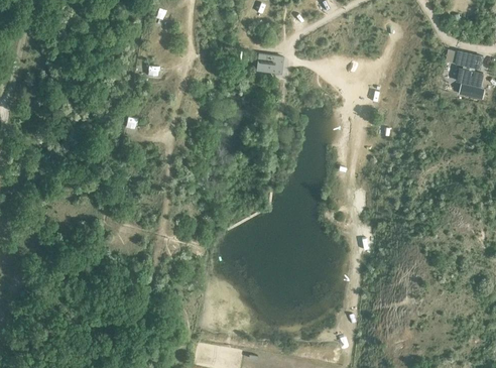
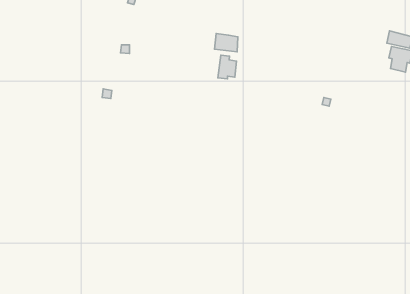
building: none -> [218,55,236,79]

